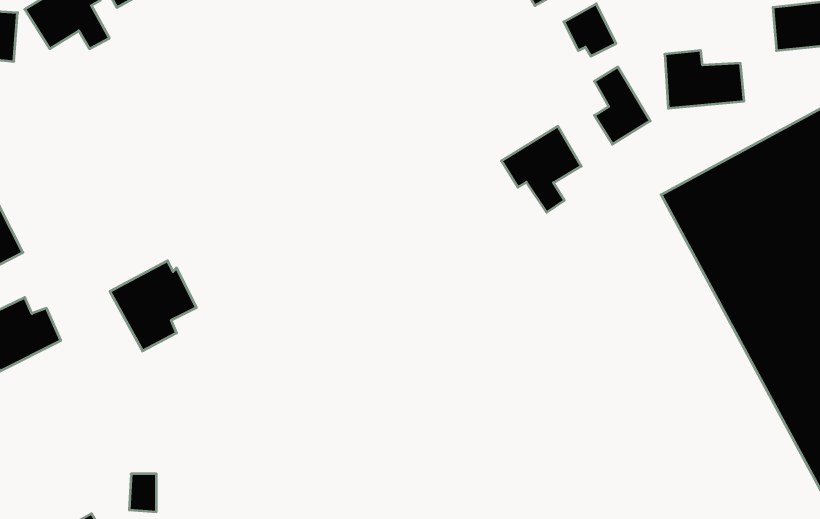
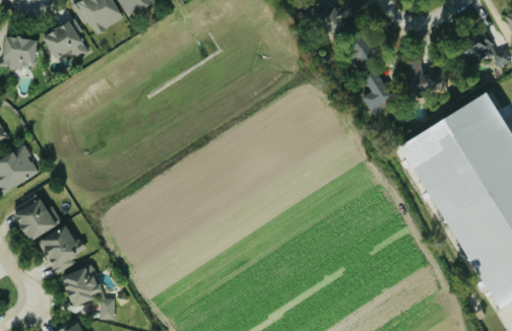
building: [501,126,581,212] -> none
building: [110,261,196,351] -> [37,223,85,274]
building: none -> [59,264,104,308]

